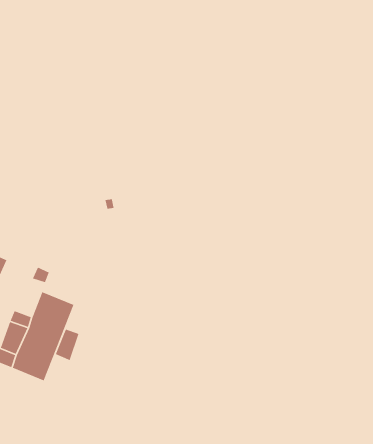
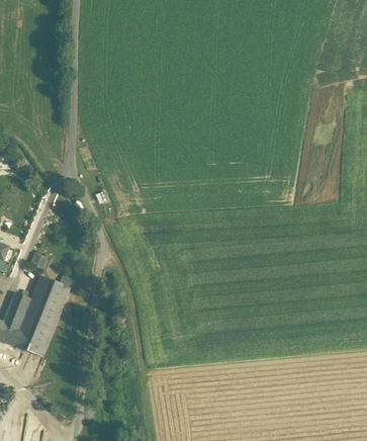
building: [55,328,79,361] -> none

